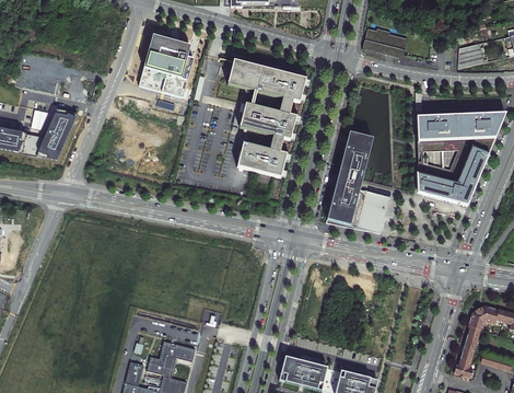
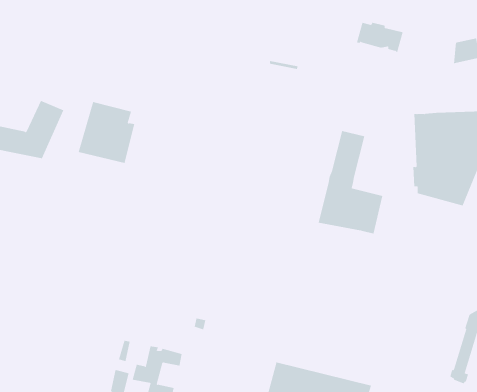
building: [137,36,192,96] -> [78,101,135,163]
building: [232,61,313,177] -> none

